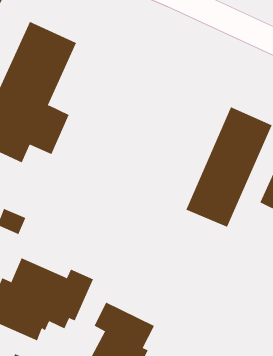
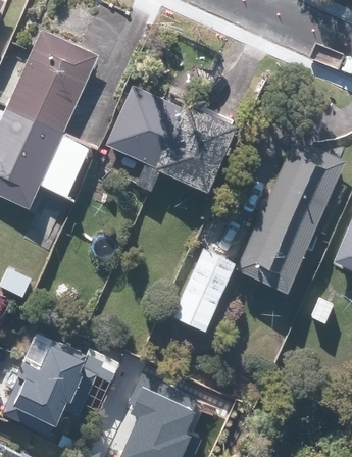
building: none -> [104,86,242,193]
building: none -> [171,248,237,332]

